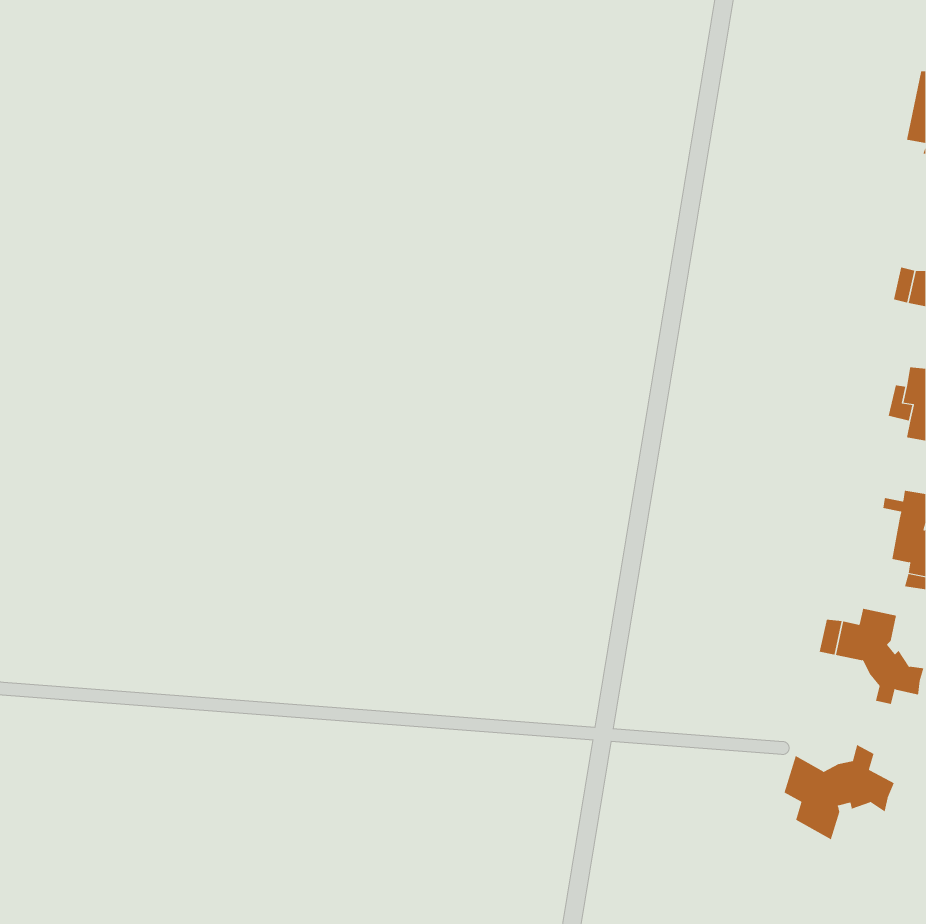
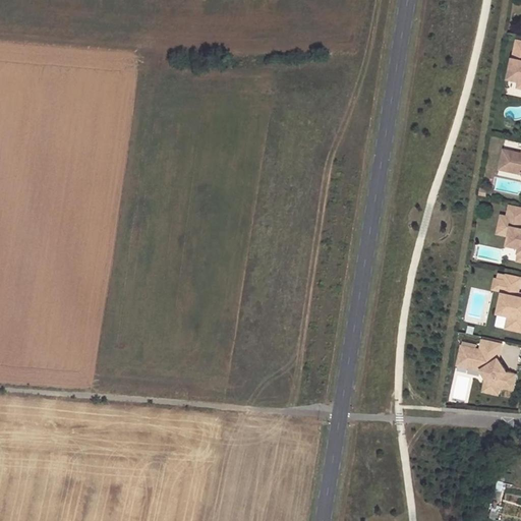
building: [784,744,894,840] -> none

